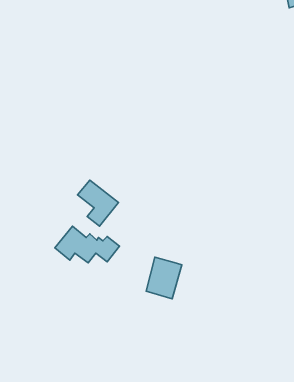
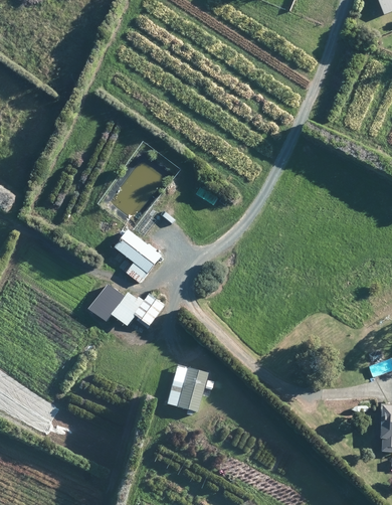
building: [146,257,182,299] -> [166,362,207,410]

